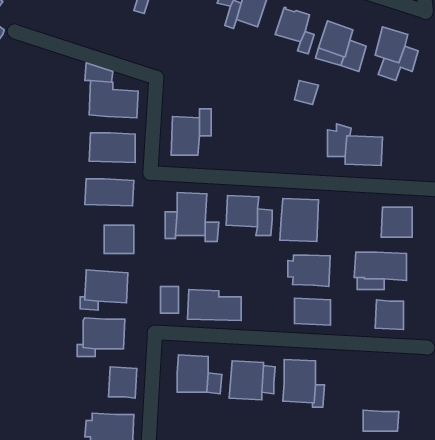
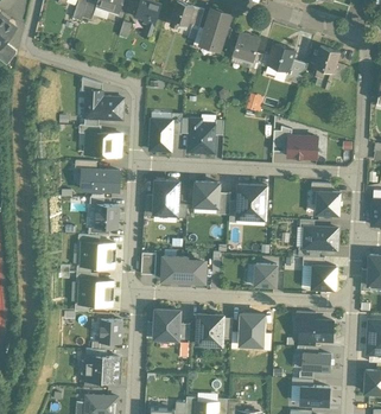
building: none -> [188,117,216,153]
building: [288,255,330,287] -> none
building: none -> [301,319,334,339]

